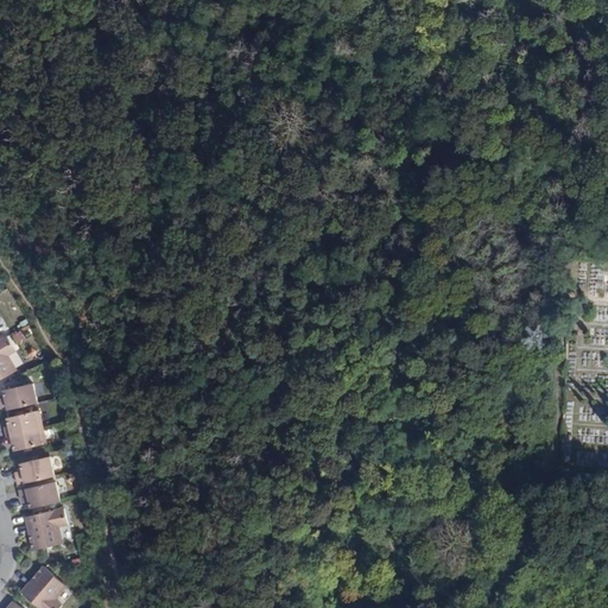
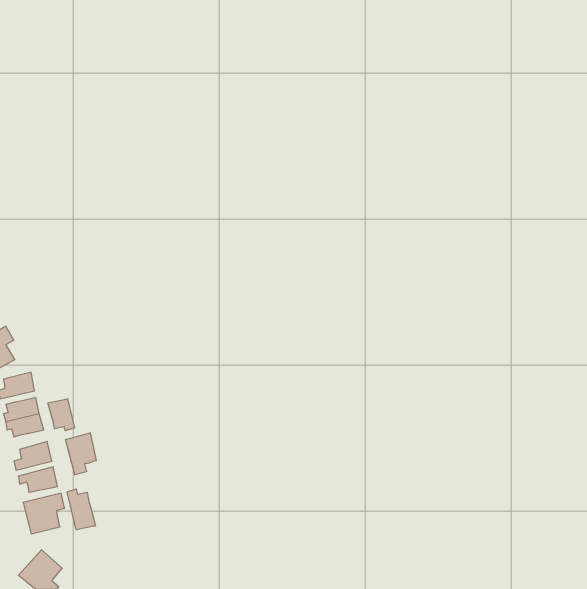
building: none -> [48,399,74,431]
building: none -> [66,433,96,475]
building: none -> [67,489,96,530]

